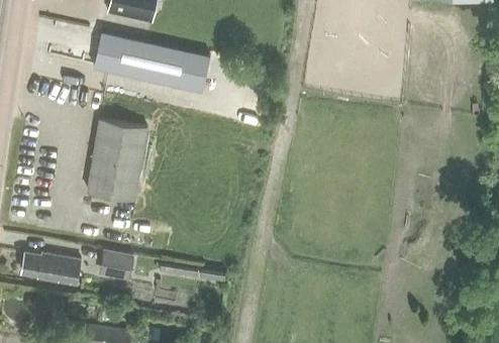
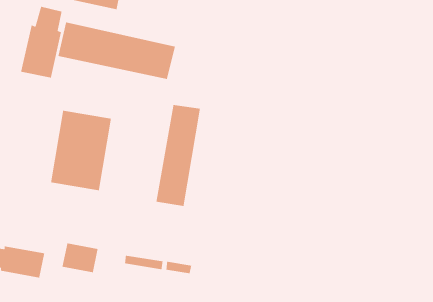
building: none -> [20,6,63,79]
building: none -> [155,104,201,207]

